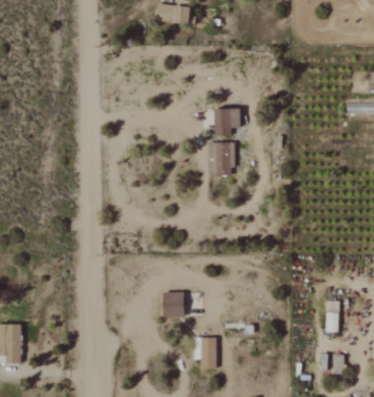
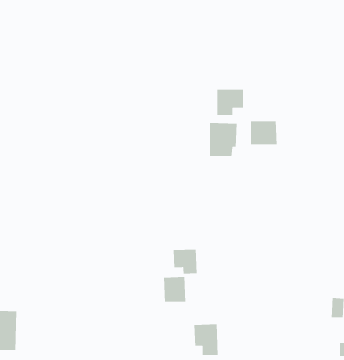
building: none -> [250,121,277,145]
building: none -> [173,249,198,275]

